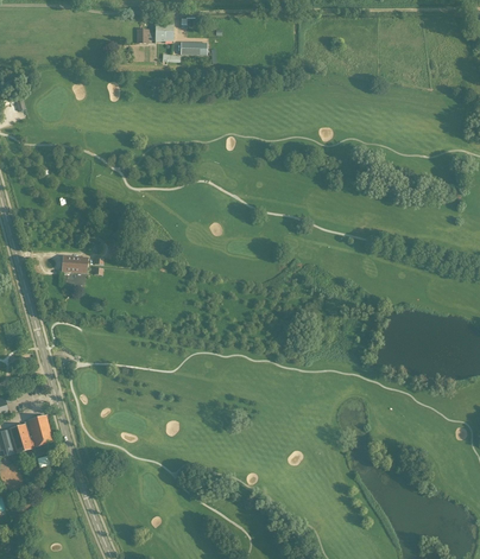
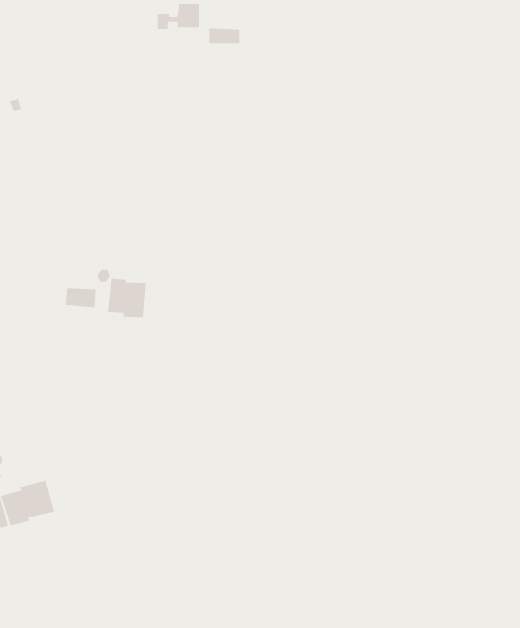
building: none -> [107,278,146,318]

